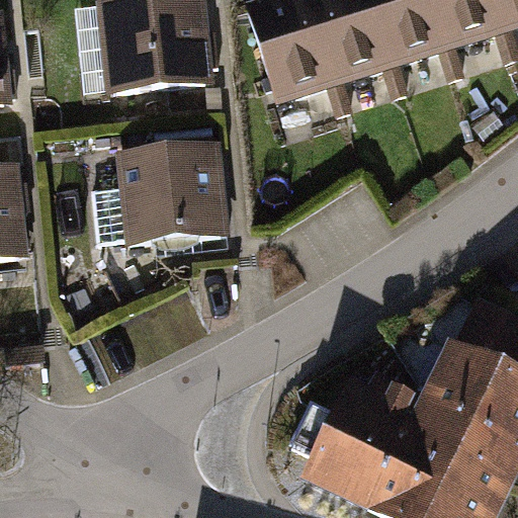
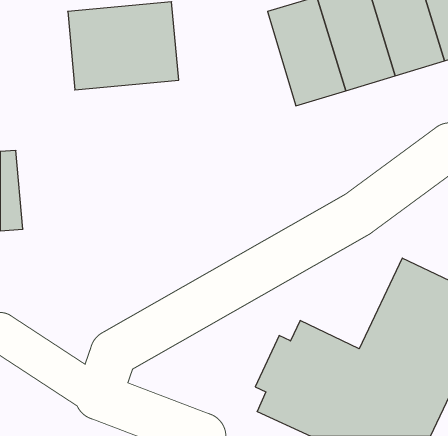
building: [253,13,342,139] -> none
building: [101,156,229,256] -> none

